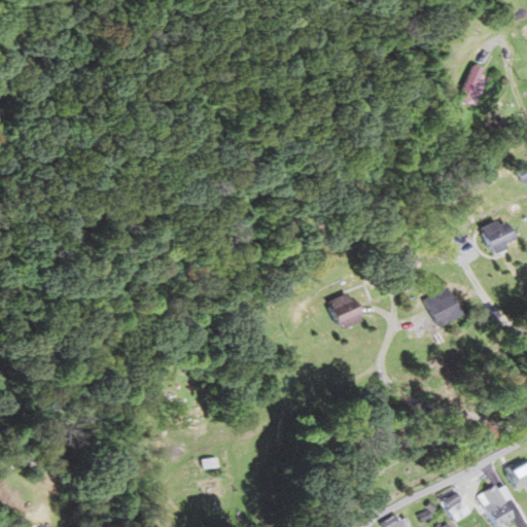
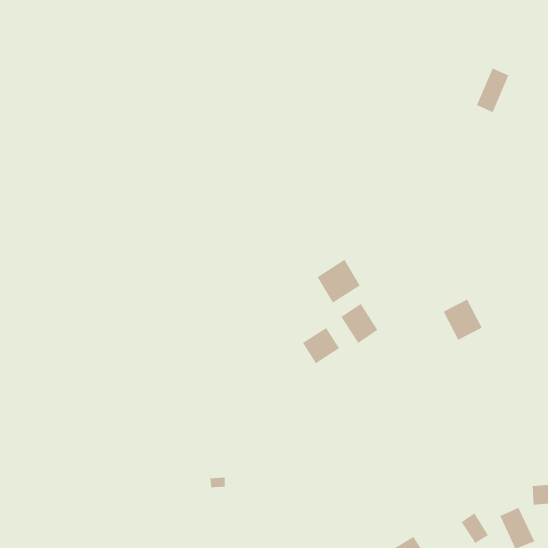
building: [483,218,516,252] -> none
building: none -> [317,259,361,304]
building: none -> [302,327,340,364]

